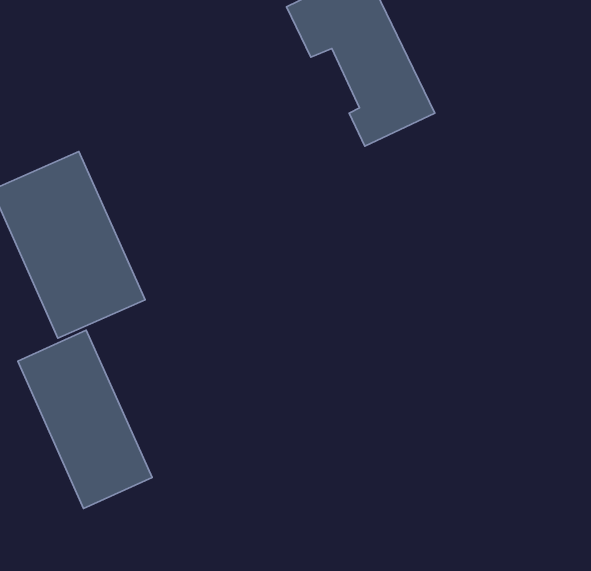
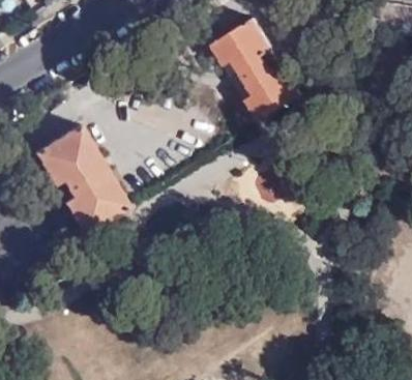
building: [18,330,152,509] -> none

